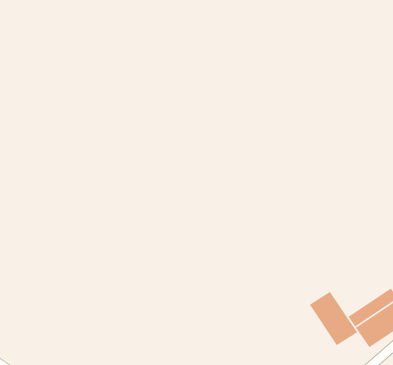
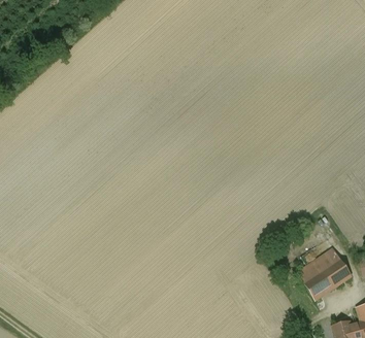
building: [309,291,358,346] -> none

